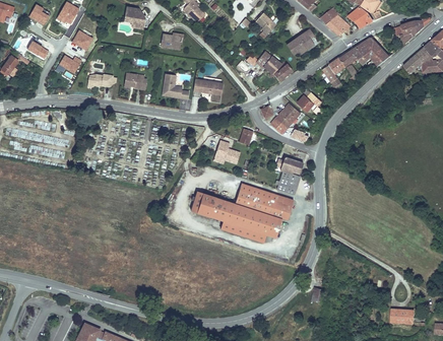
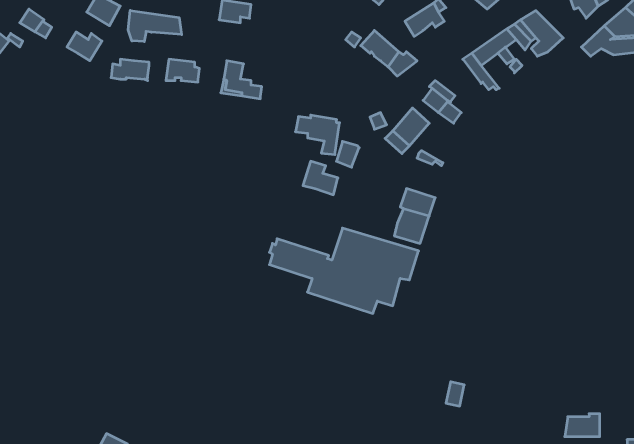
building: none -> [128,10,182,42]
building: [194,76,224,103] -> [295,115,340,155]

